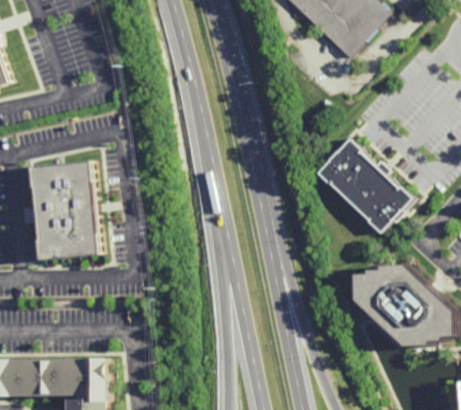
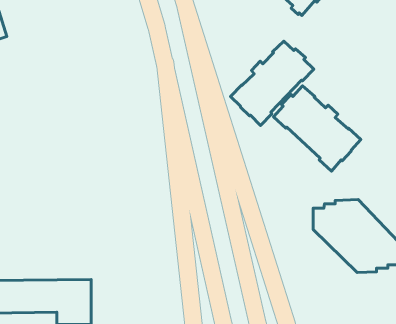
building: none -> [231,41,314,126]
building: [31,161,98,262] -> none

